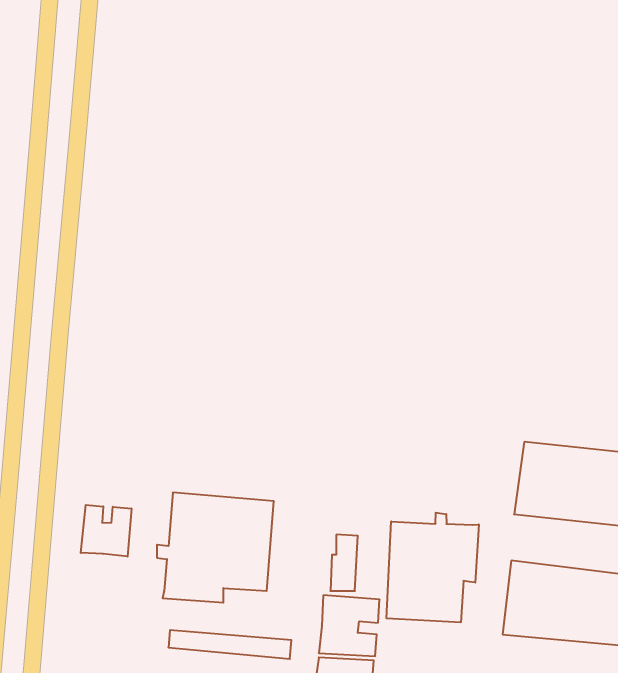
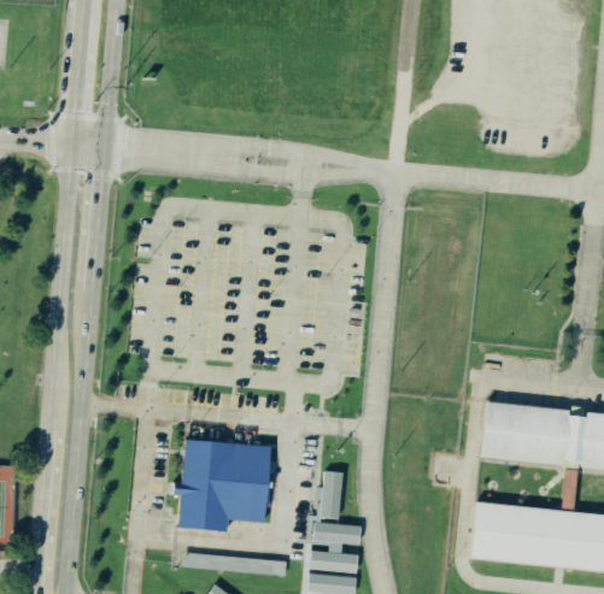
building: [81,505,131,557] -> none
building: [387,513,479,622] -> none

